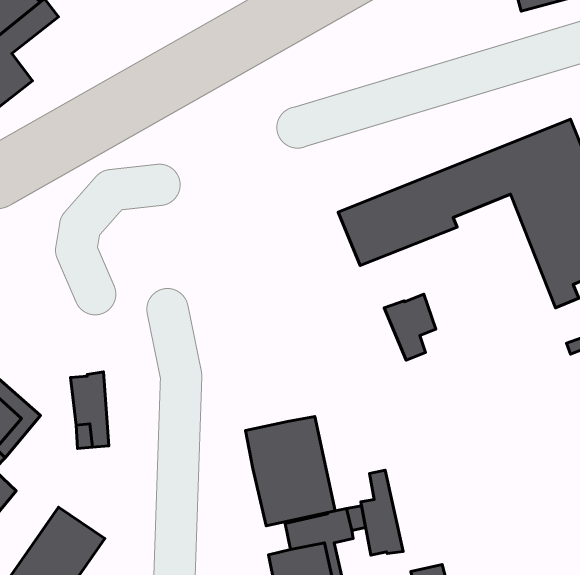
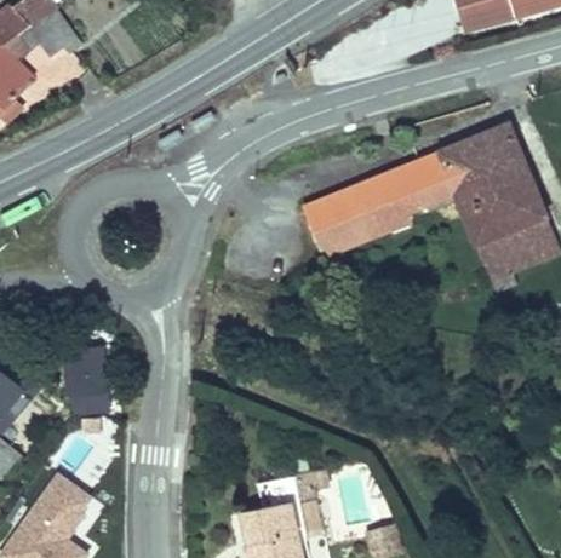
building: [384,294,436,360] -> none
building: [245,417,335,526] -> none
building: [361,470,403,555] -> none

